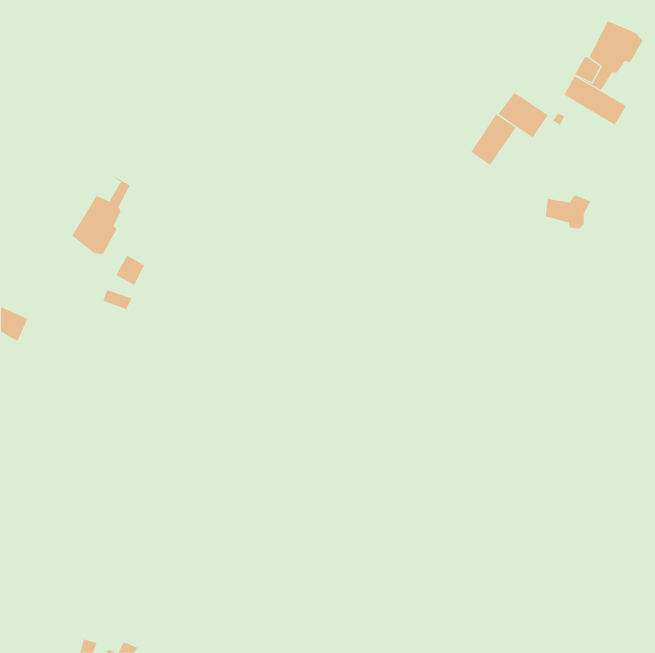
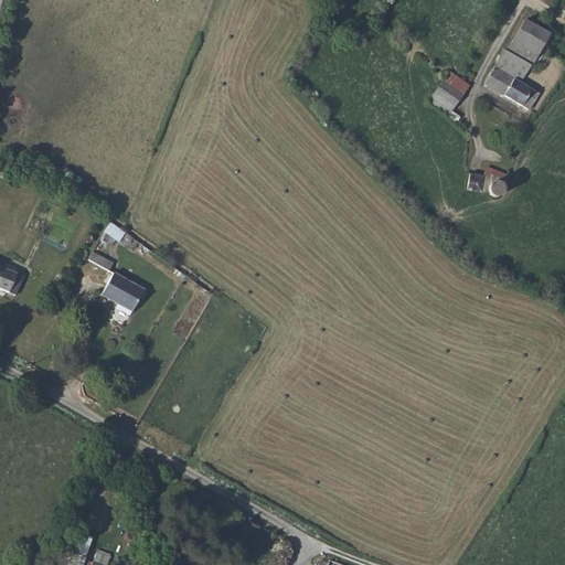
building: [470,114,516,166] -> none
building: [71,171,130,254] -> none
building: none -> [100,273,142,310]

